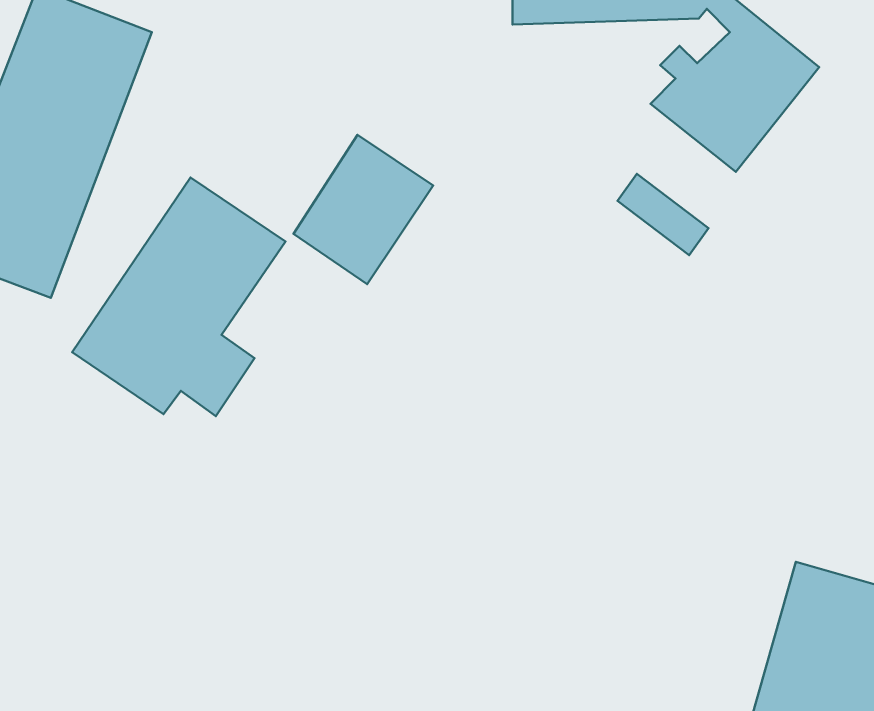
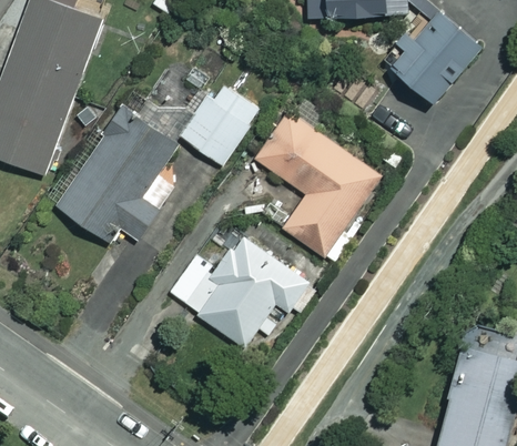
building: none -> [255,112,379,256]
building: none -> [169,235,311,347]

